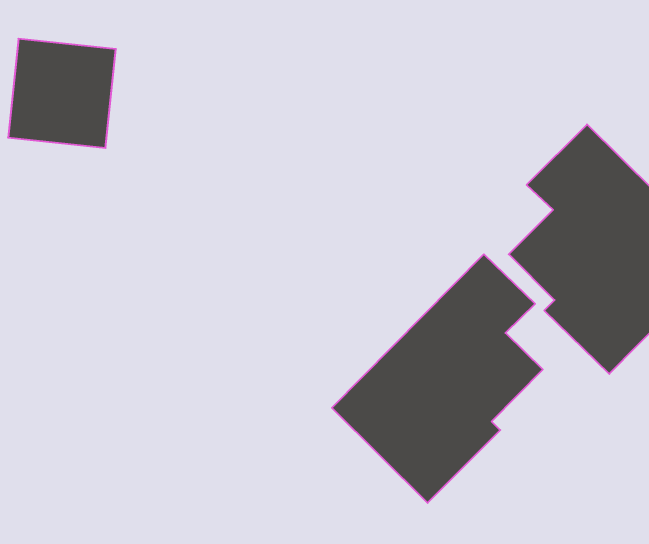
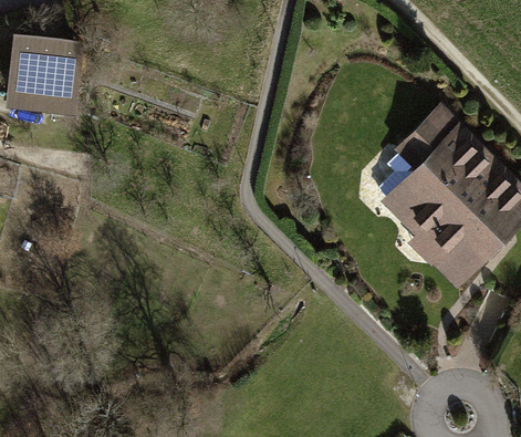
building: [332,254,543,503] -> none

